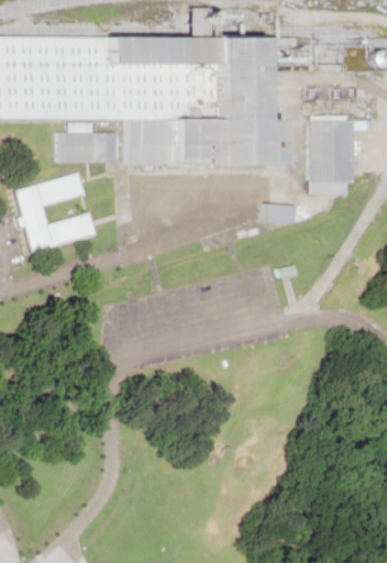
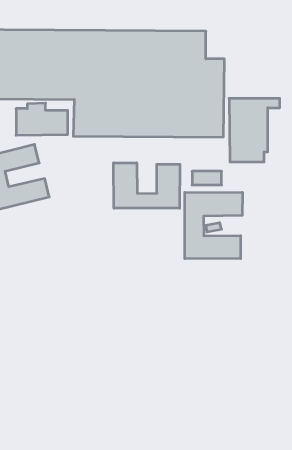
building: none -> [114,163,180,208]
building: none -> [185,192,242,259]

